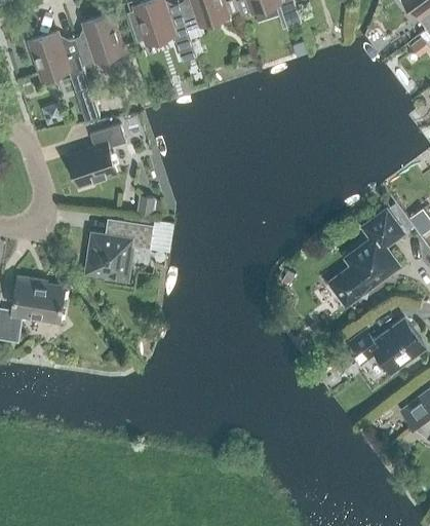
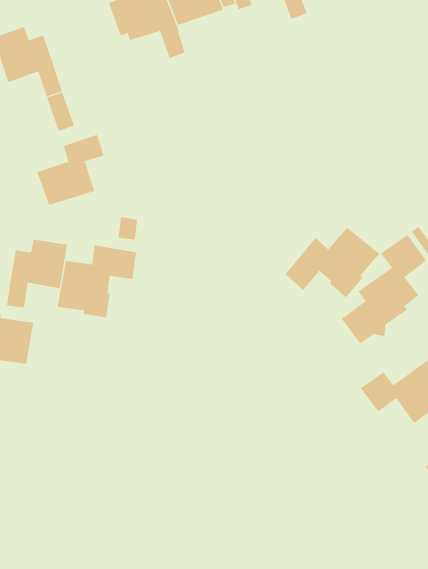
building: [73,13,123,66] -> none
building: none -> [285,227,380,298]
building: none -> [6,239,68,308]

